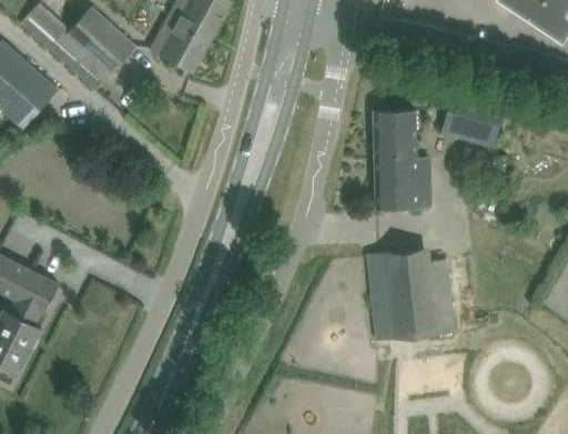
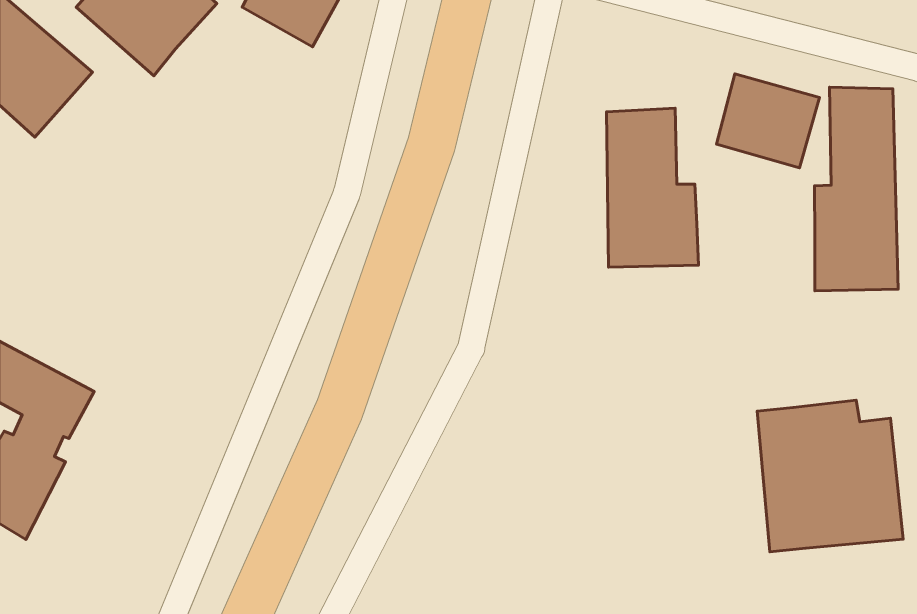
building: none -> [815,87,898,291]
building: [367,249,457,342] -> [757,400,903,552]

